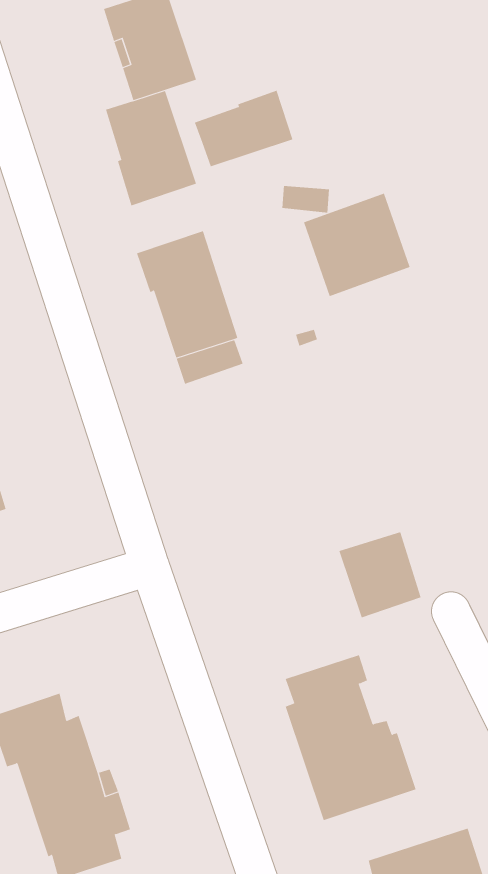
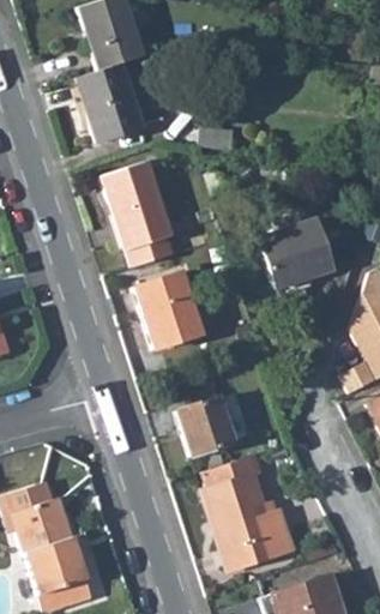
building: [194,90,293,167] -> none
building: [303,193,411,297] -> [258,217,332,289]
building: none -> [133,271,203,349]
building: [339,532,422,618] -> [176,397,234,457]

